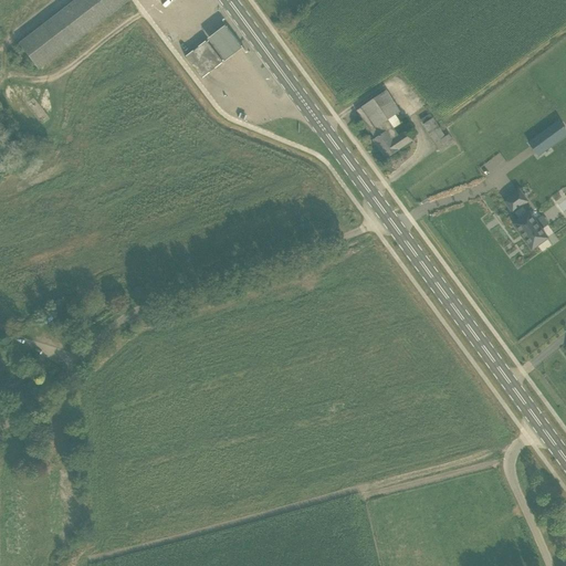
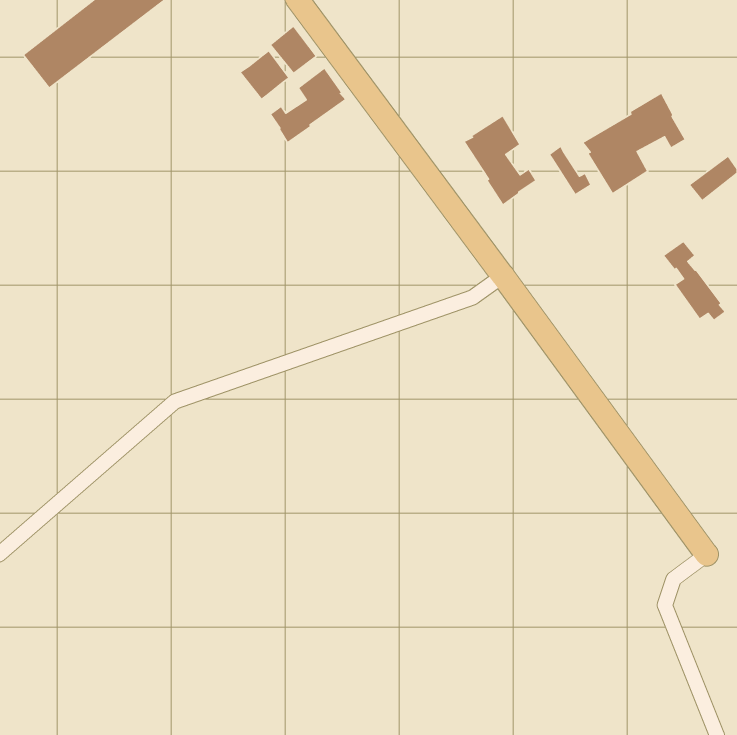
building: none -> [270,68,346,143]
building: none -> [583,93,685,194]

